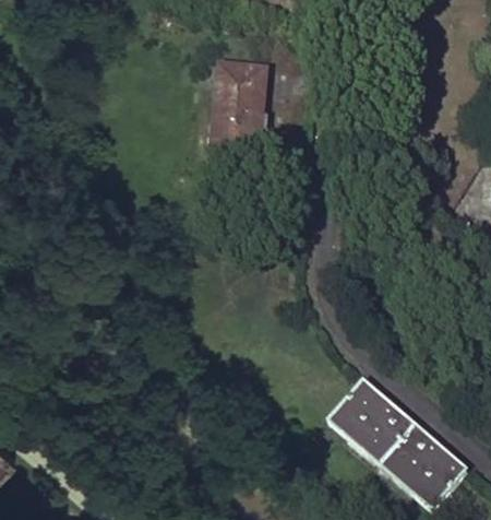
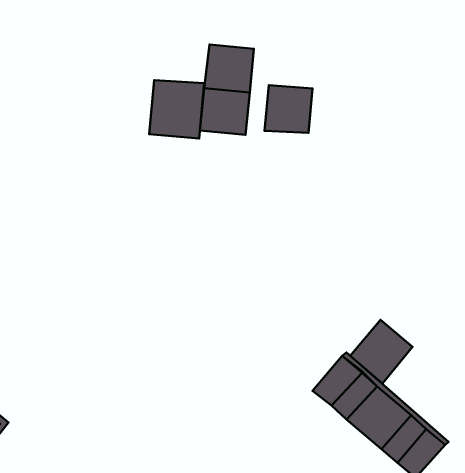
building: none -> [149,80,204,139]
building: none -> [265,85,313,133]
building: none -> [350,320,412,384]

